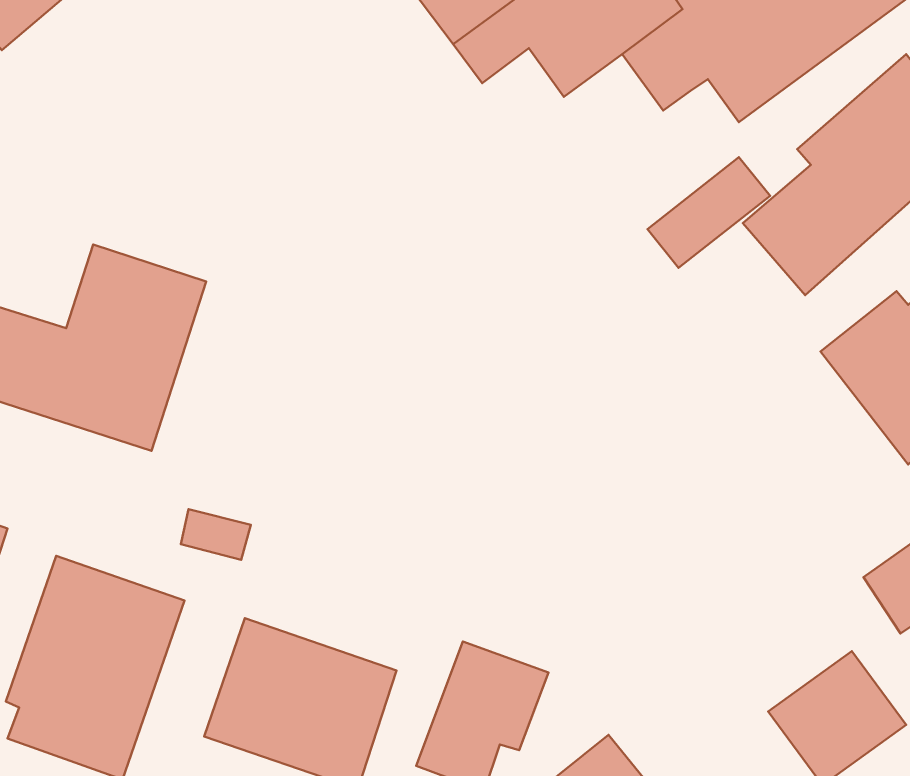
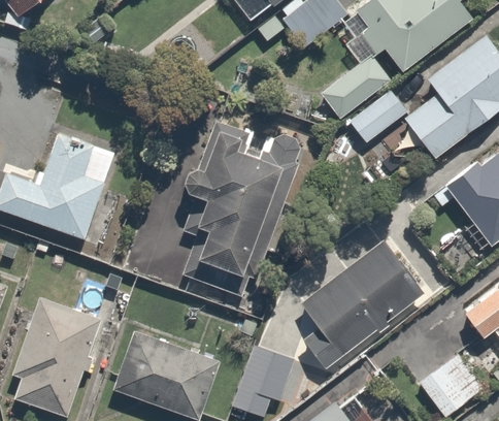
building: none -> [319,53,393,120]
building: none -> [181,120,304,317]
building: none -> [297,240,426,368]

